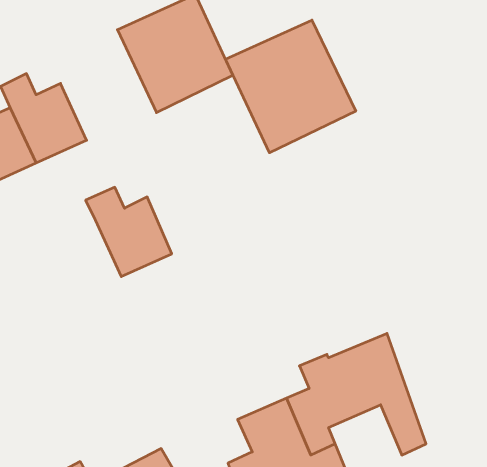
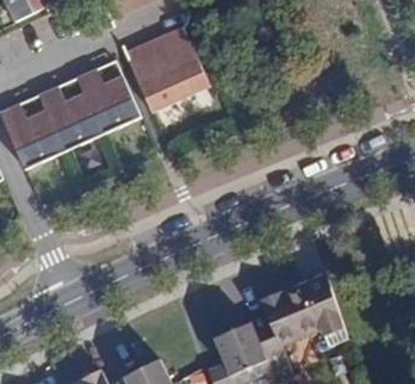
building: [225,20,356,153] -> none
building: [86,187,172,277] -> [76,67,140,132]

